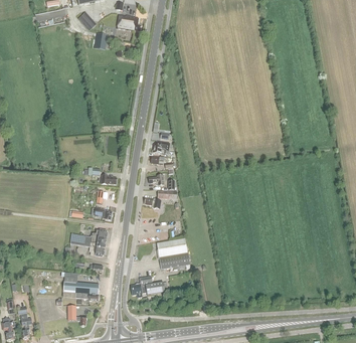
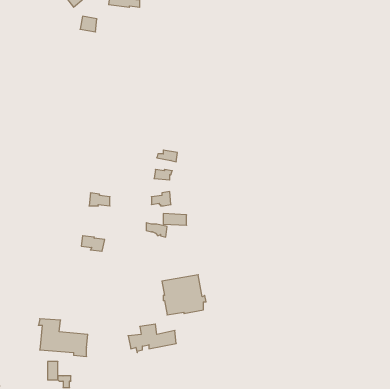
building: [69,227,108,255] -> none

